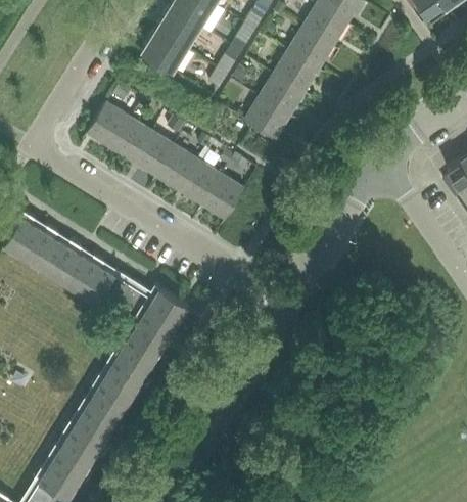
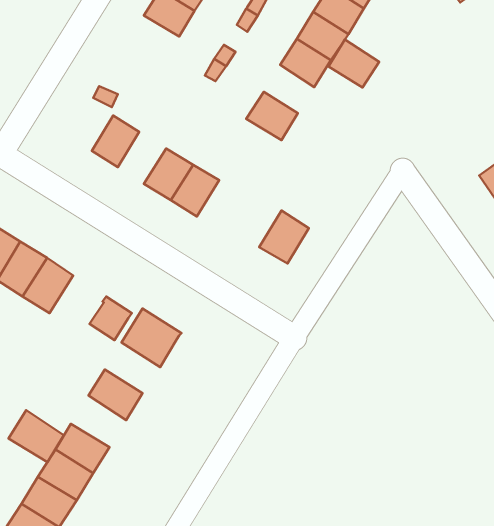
building: [142,31,187,72] -> none
building: [261,74,305,116] -> [328,39,379,88]
building: [87,103,130,148] -> none
building: [134,132,176,177] -> none
building: [202,174,245,220] -> [259,211,309,264]
building: [75,257,120,305] -> none
building: [123,315,171,359] -> none
building: [93,361,141,406] -> [9,410,64,462]

